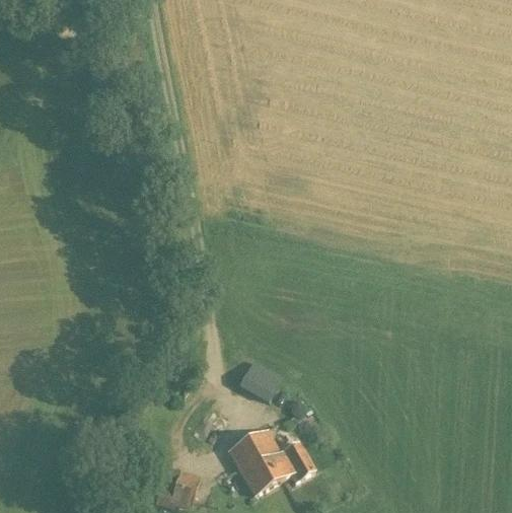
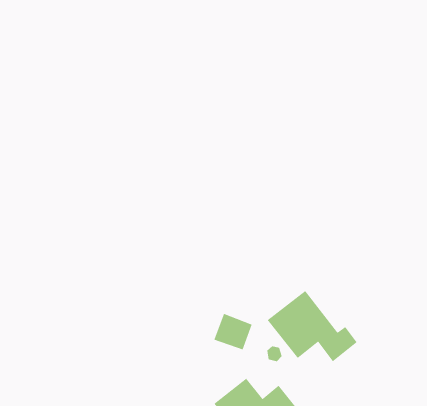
building: none -> [267,290,357,362]

